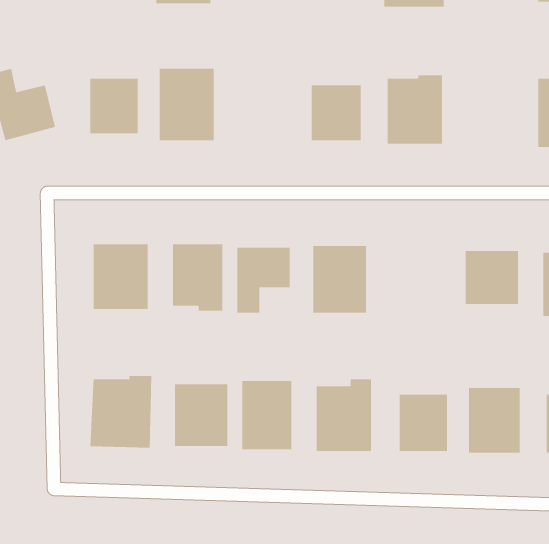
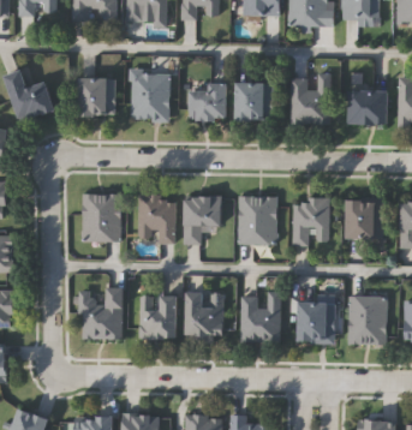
building: none -> [190,83,228,120]
building: none -> [348,91,388,125]
building: none -> [292,199,329,245]

